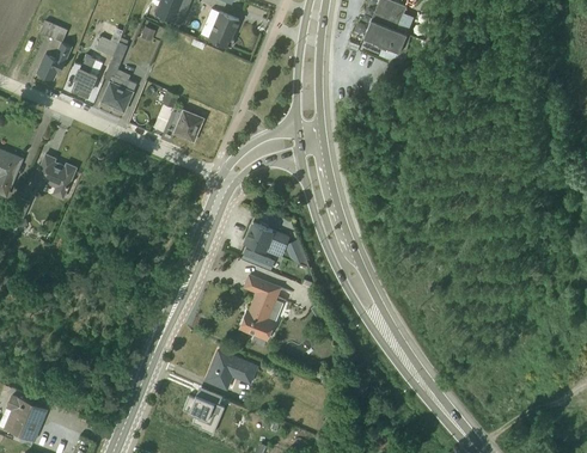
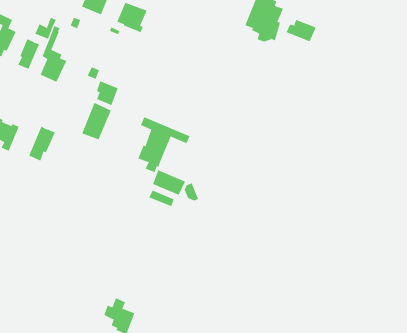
building: none -> [286,19,317,42]
building: none -> [81,102,111,140]
building: none -> [28,126,56,161]
building: [240,275,308,347] -> [137,117,191,173]
building: [206,349,257,388] -> none

